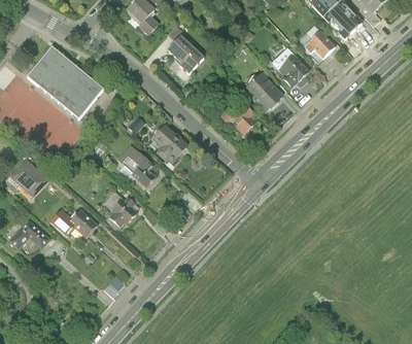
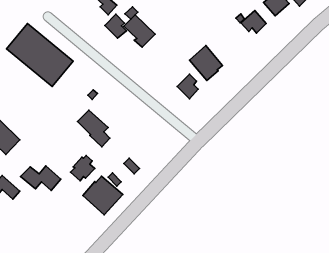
building: none -> [105,14,127,38]
building: [279,53,310,89] -> none
building: [149,128,180,162] -> none
building: none -> [83,176,123,215]

